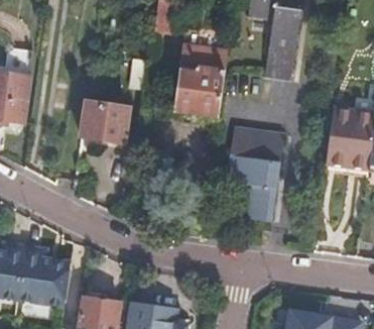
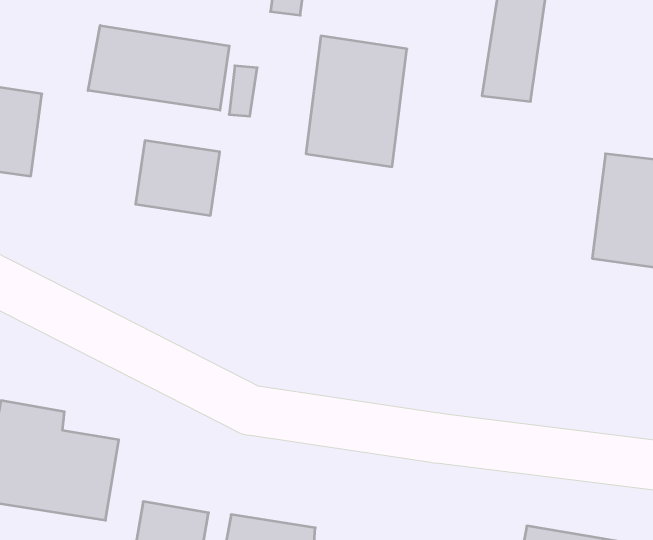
building: none -> [88,25,229,110]
building: [227,125,284,221] -> none

